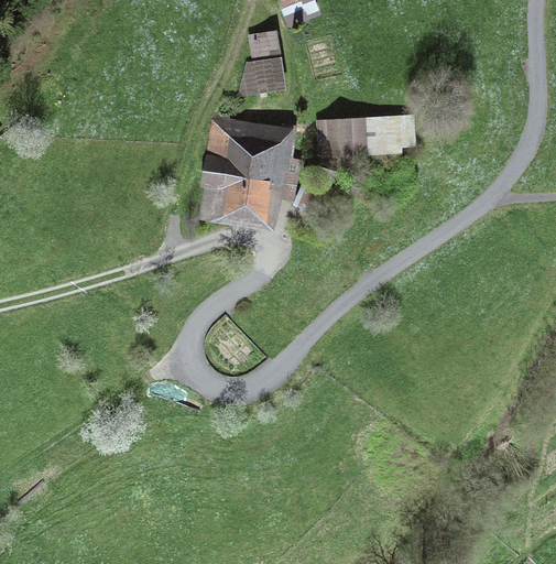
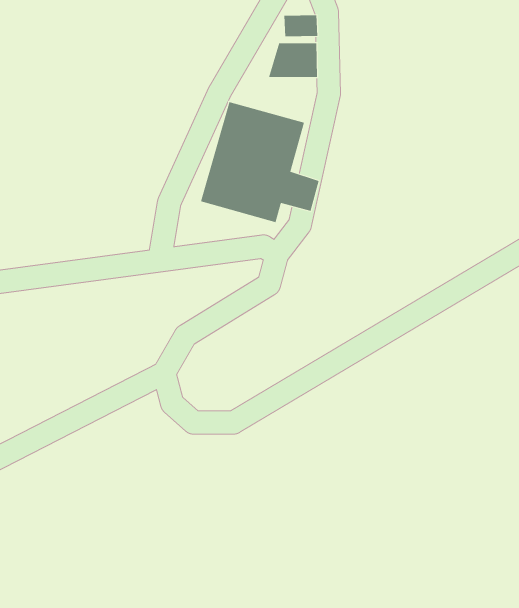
building: [317,116,414,154] -> none

